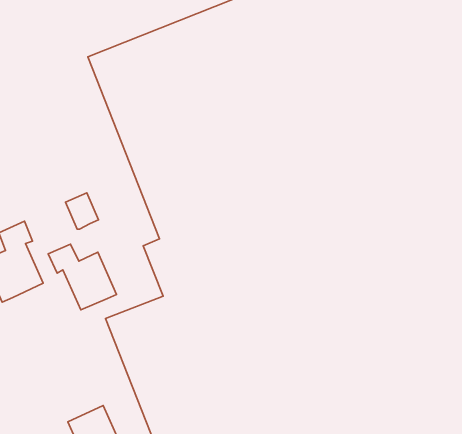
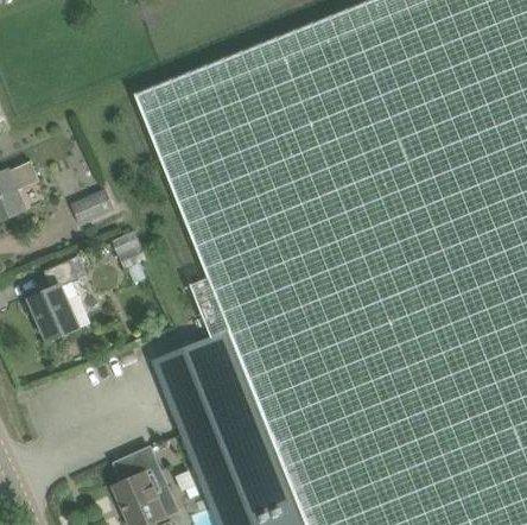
building: none -> [72,189,116,224]
building: [48,244,117,310] -> none

